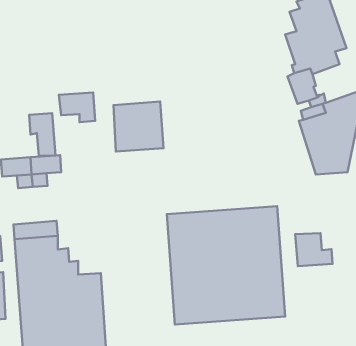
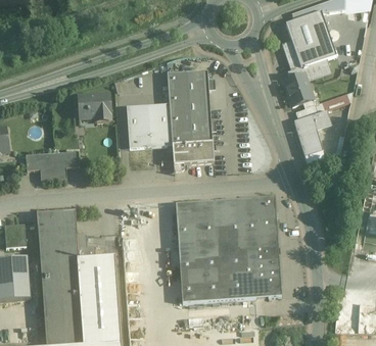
building: none -> [167,71,214,166]
building: [29,113,55,156] -> none
building: [295,233,333,266] -> none

